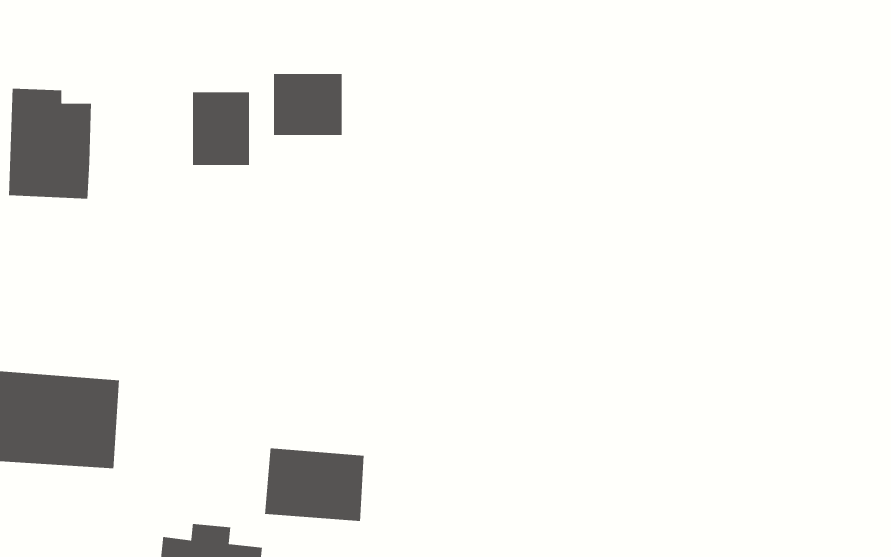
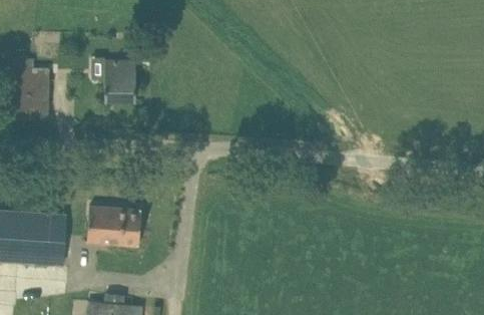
building: [273,73,342,136] -> none
building: [264,448,364,522] -> [86,205,140,245]

